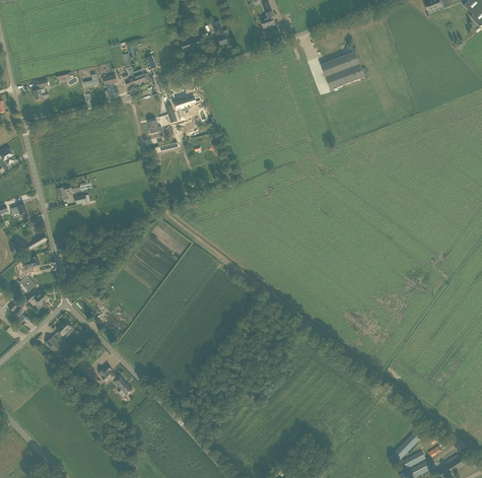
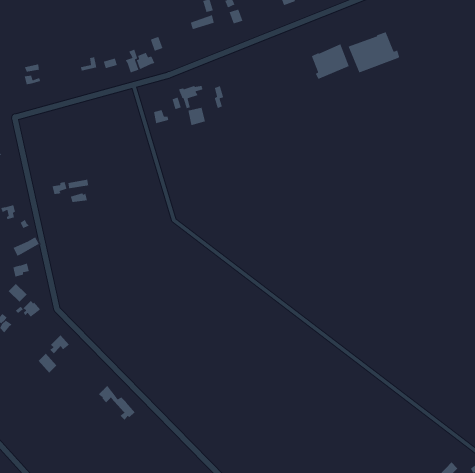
building: none -> [311,43,350,80]

